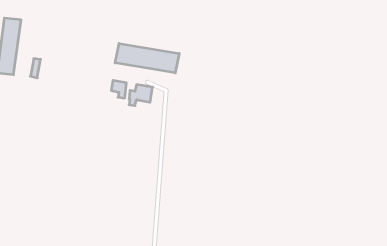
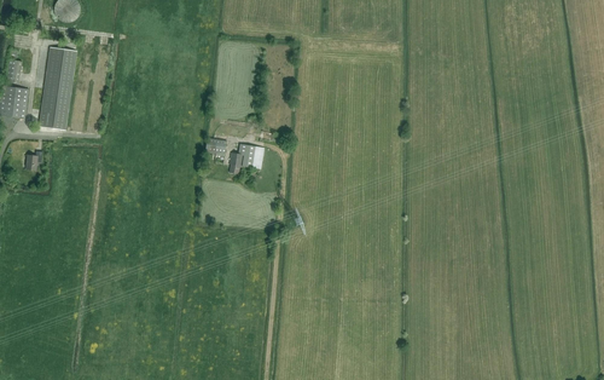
building: [115,43,179,73] -> none

